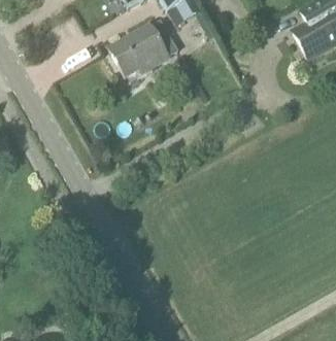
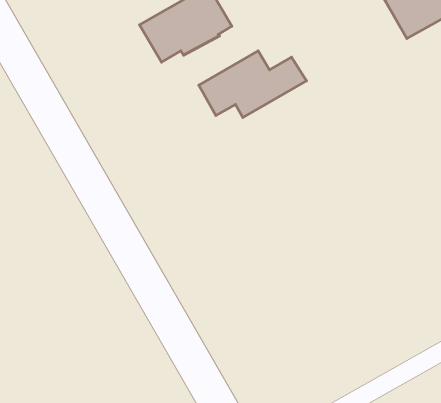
building: none -> [199,51,307,118]

